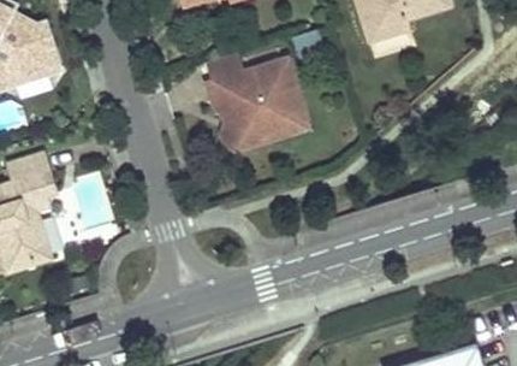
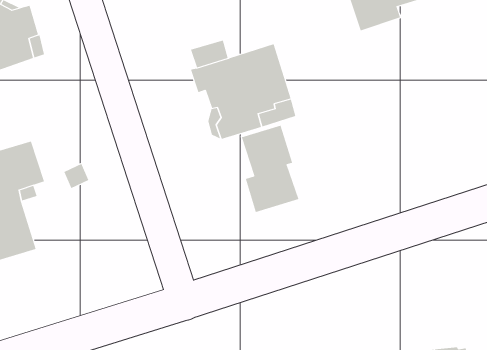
building: none -> [241,125,299,213]

